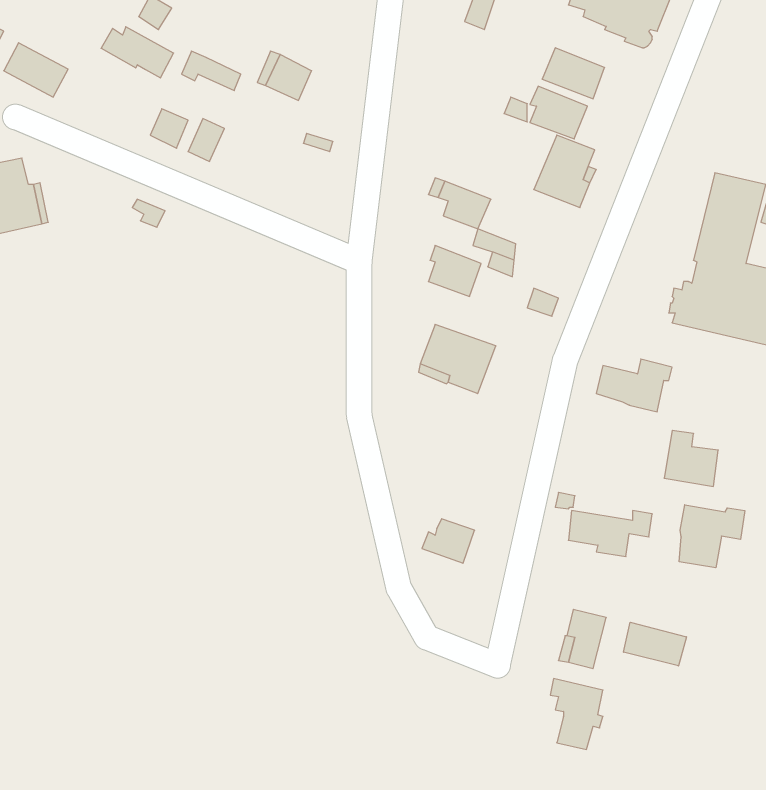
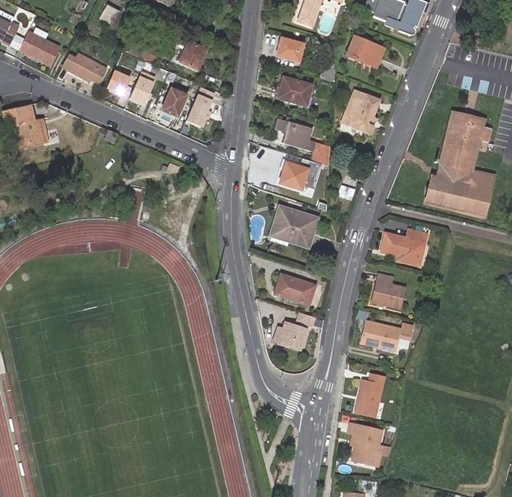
building: [101,27,174,78] -> [60,55,104,86]
building: none -> [279,34,307,58]
building: [530,86,587,139] -> [280,73,315,105]
building: none -> [162,88,186,116]
building: none -> [187,96,212,129]
building: [664,430,718,486] -> [369,268,402,302]
building: none -> [272,273,312,304]
building: [679,505,745,568] -> none
building: [624,622,686,666] -> none

